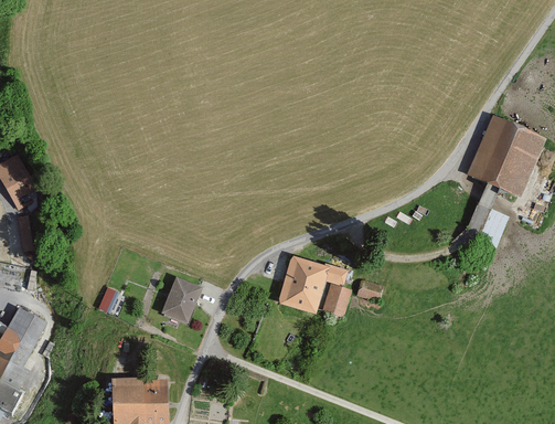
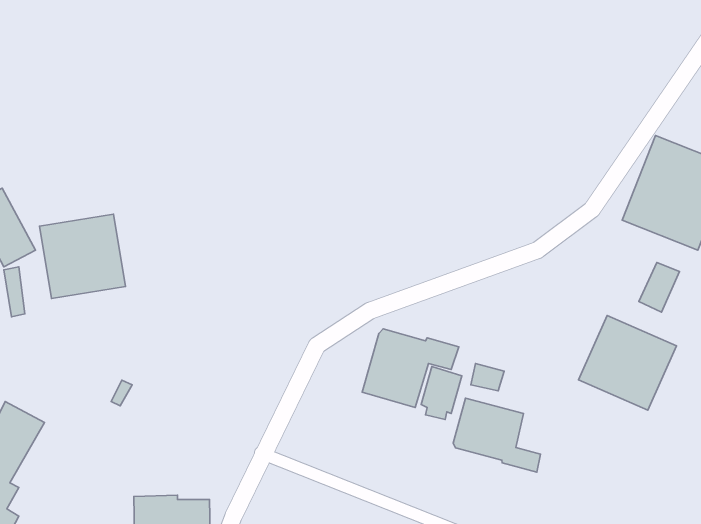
building: none -> [39,214,125,298]
building: none -> [578,315,677,410]
building: [162,276,200,321] -> none
building: none -> [453,398,540,472]

